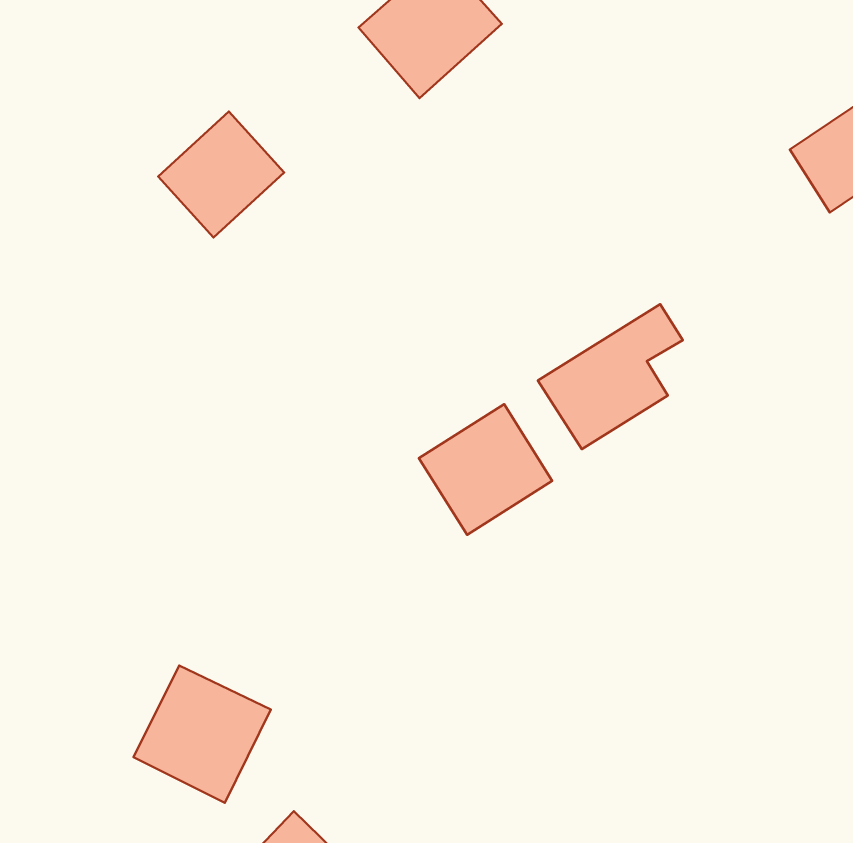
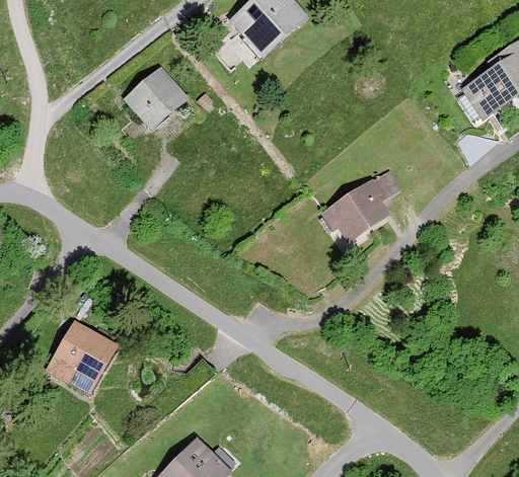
building: [419,404,552,535] -> none
building: [133,666,271,803] -> [46,320,119,393]

